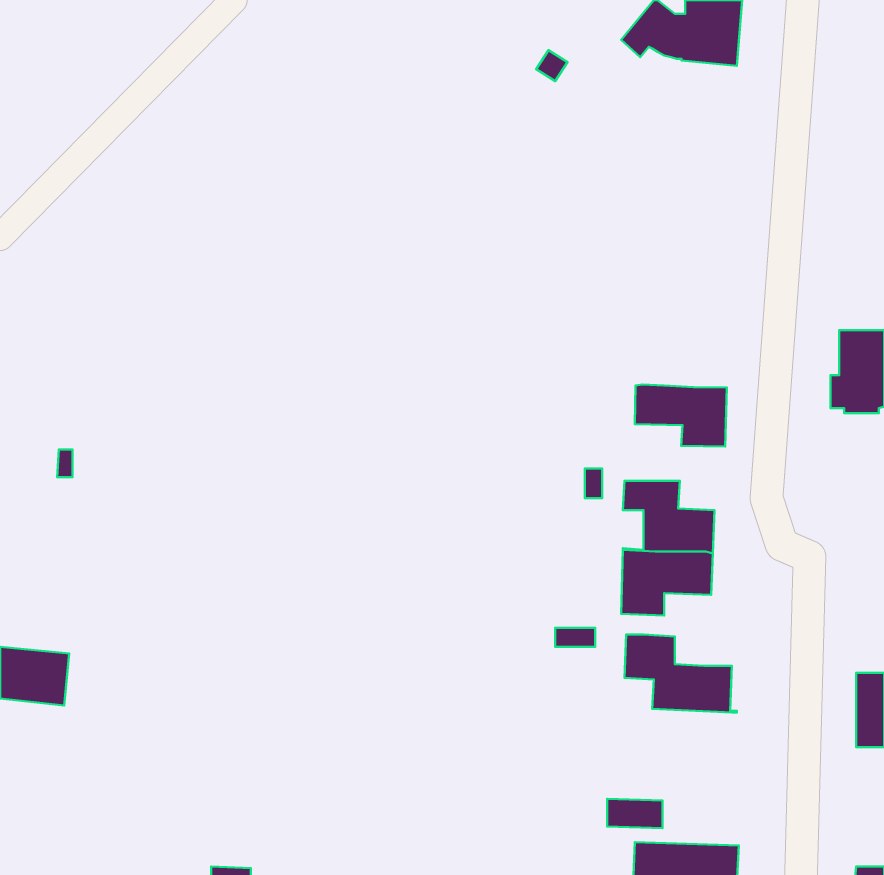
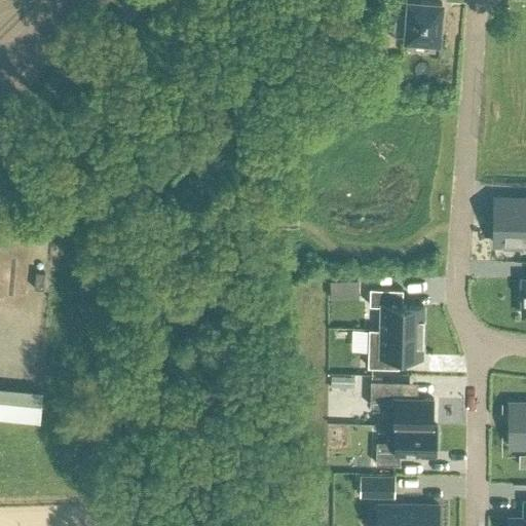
building: [635,384,727,447] -> none
building: none -> [377,426,438,467]

